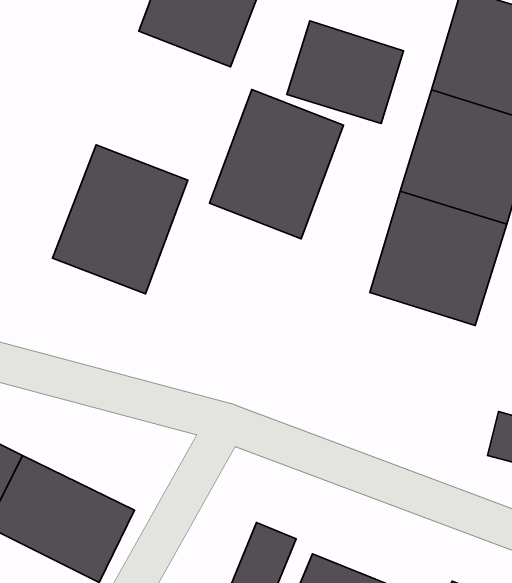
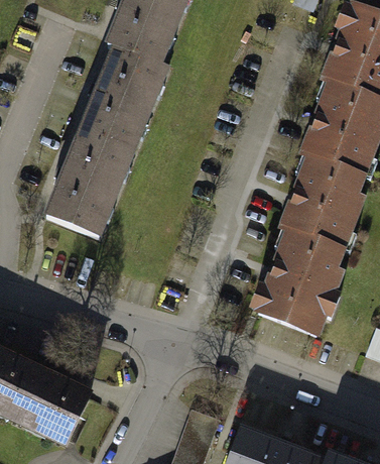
building: [287,21,403,123] -> none
building: [210,90,344,239] -> [73,43,171,153]
building: none -> [251,236,352,335]

